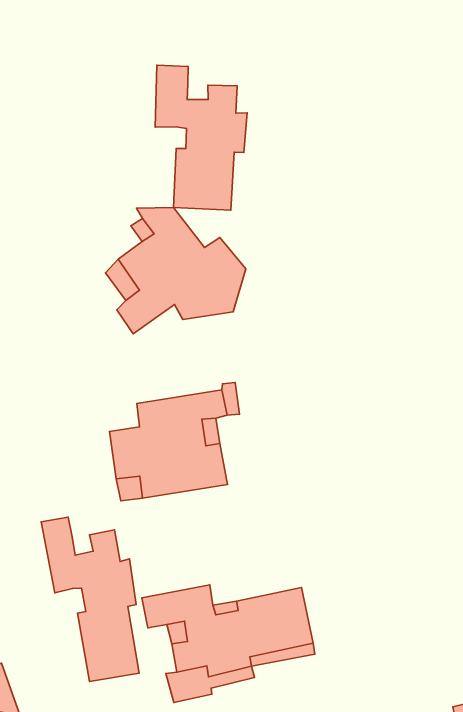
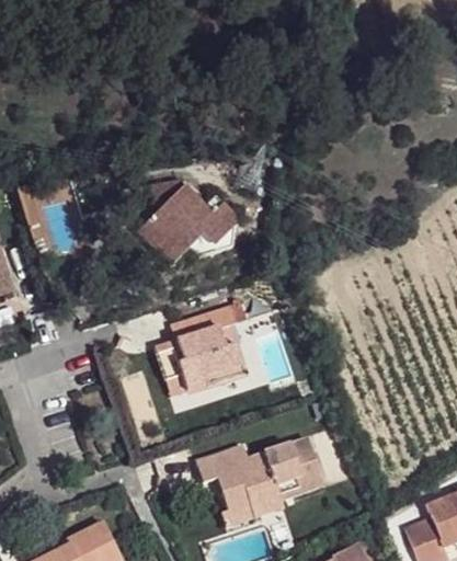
building: [155,65,247,210] -> none
building: [41,517,139,681] -> none

